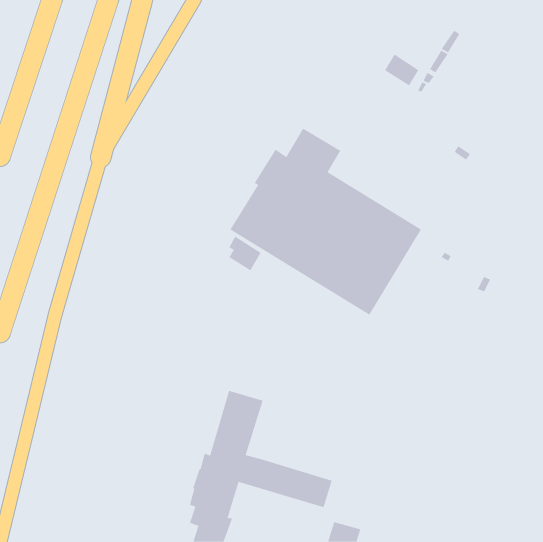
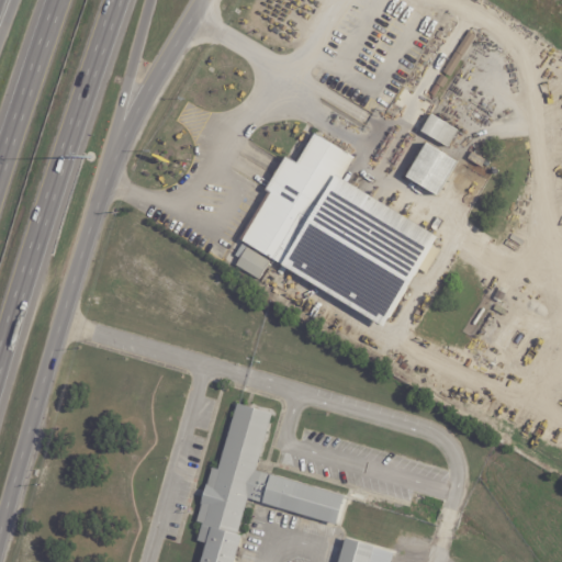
building: [384,54,419,86] -> [422,113,458,146]
building: none -> [405,142,458,195]

